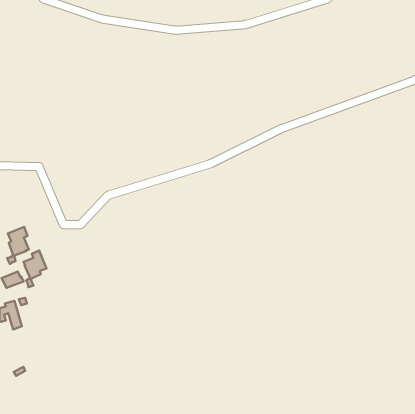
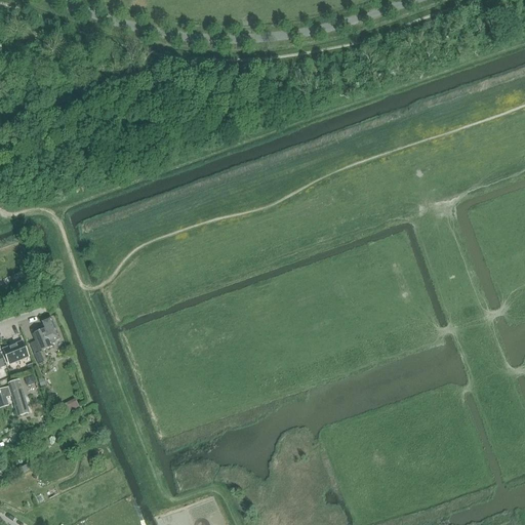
building: [7,227,29,264] -> none

